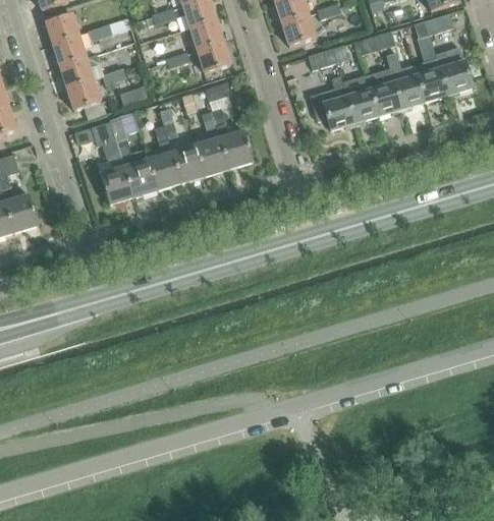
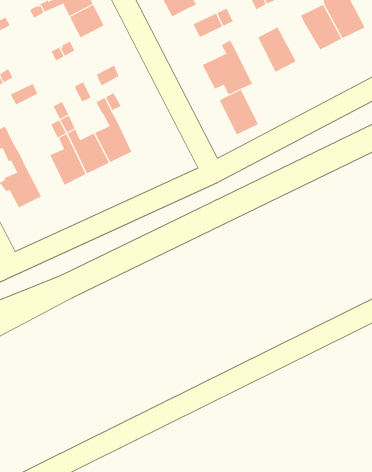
building: [197,42,229,72] -> none
building: [389,64,426,108] -> none
building: [344,78,379,122] -> [219,89,259,135]
building: [110,119,157,196] -> none
building: [219,129,253,168] -> none

